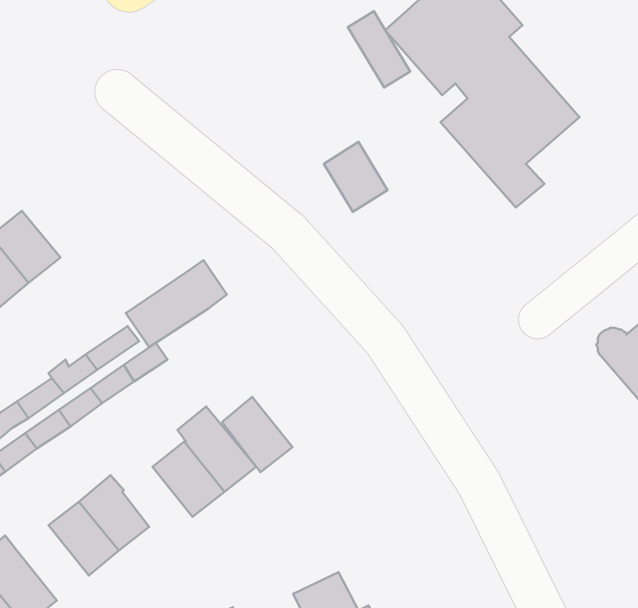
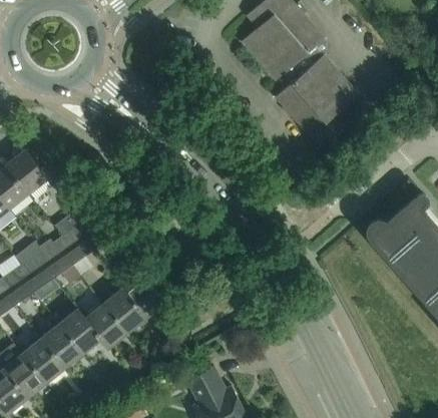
building: [348,11,410,87] -> none
building: [324,142,388,212] -> none
building: [126,260,227,347] -> none
building: [222,397,292,472] -> [84,303,126,348]
building: none -> [21,338,64,383]

